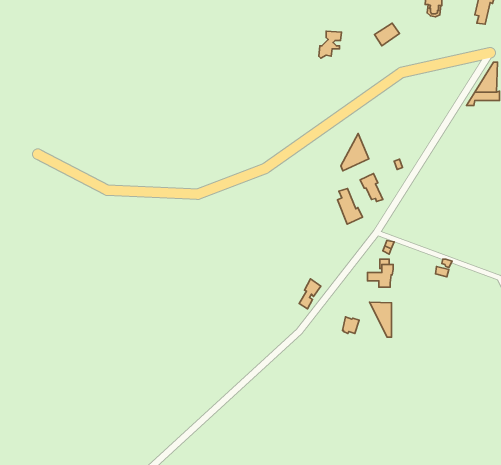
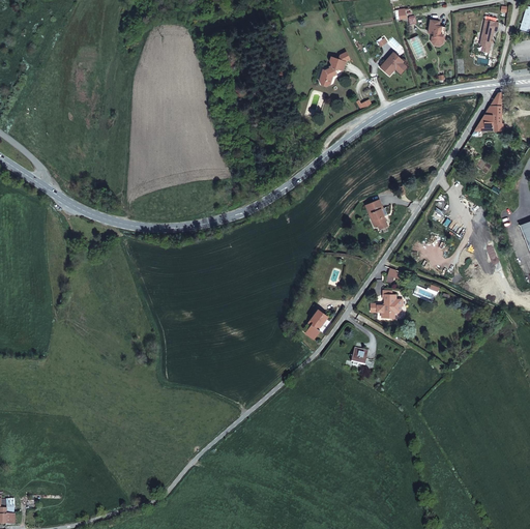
building: [341,133,369,171] -> none
building: [337,188,363,224] -> none
building: [369,302,391,337] -> none

